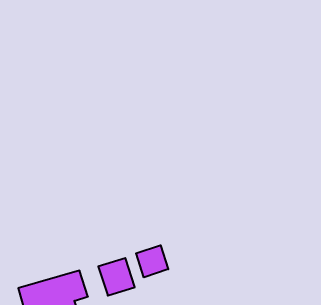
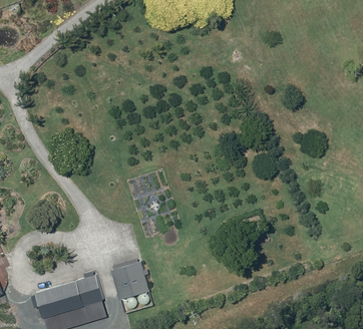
building: [136,245,168,277] -> none

